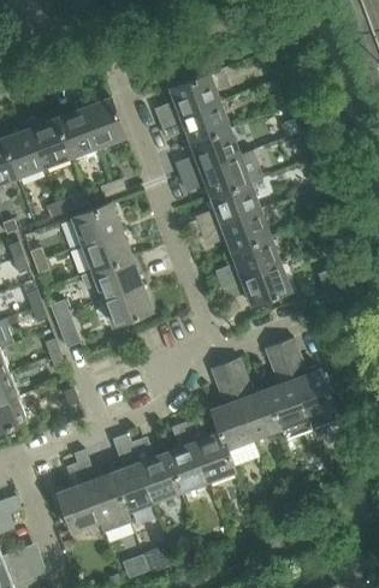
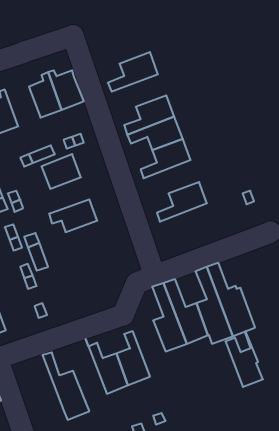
building: [160,102,229,143] -> none
building: [26,118,71,167] -> none
building: [200,209,270,251] -> none
building: [83,231,132,273] -> none
building: [220,263,290,305] -> none
building: [102,285,152,326] -> none
building: [186,410,233,480] -> [225,331,263,387]
building: [112,433,154,511] -> none
building: [57,453,100,531] -> none

